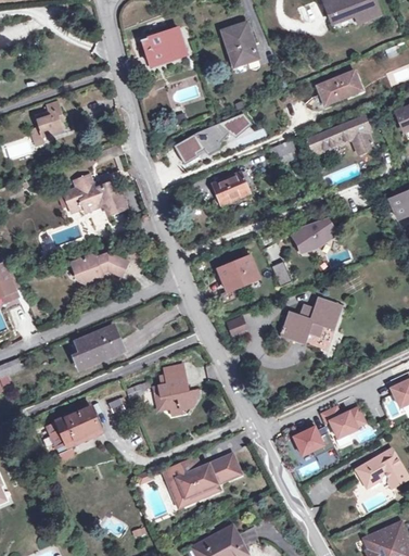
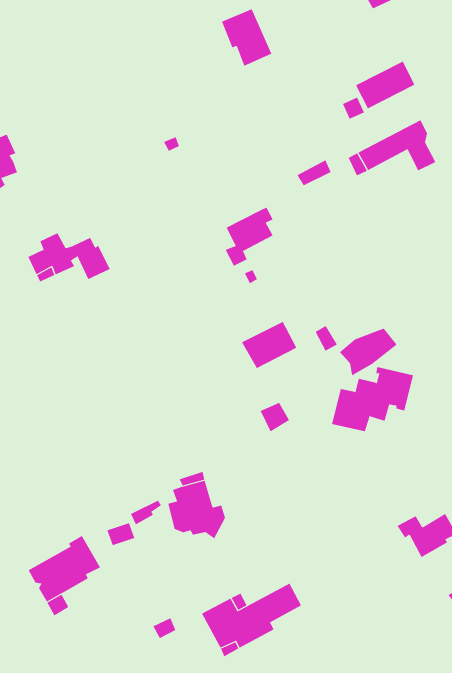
building: [141,28,184,64] -> none
building: [172,113,251,164] -> none
building: [294,218,337,252] -> [339,328,397,376]
building: [73,253,129,283] -> none
building: [74,326,123,368] -> none
building: [292,426,333,456] -> none

